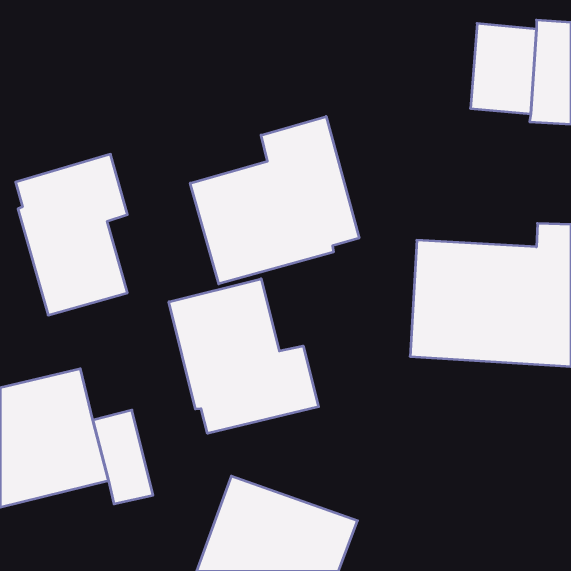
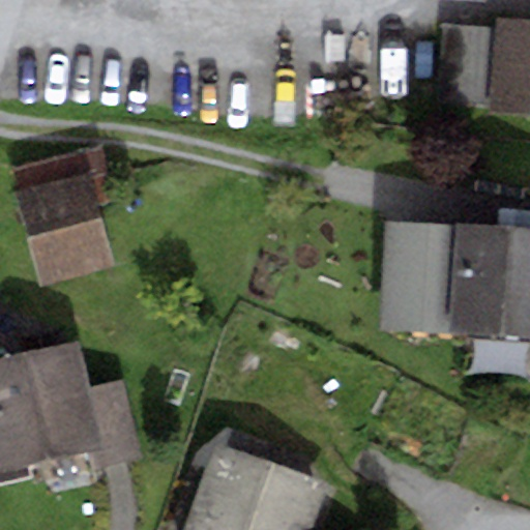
building: [190,116,359,284] -> none
building: [169,279,319,433] -> none

